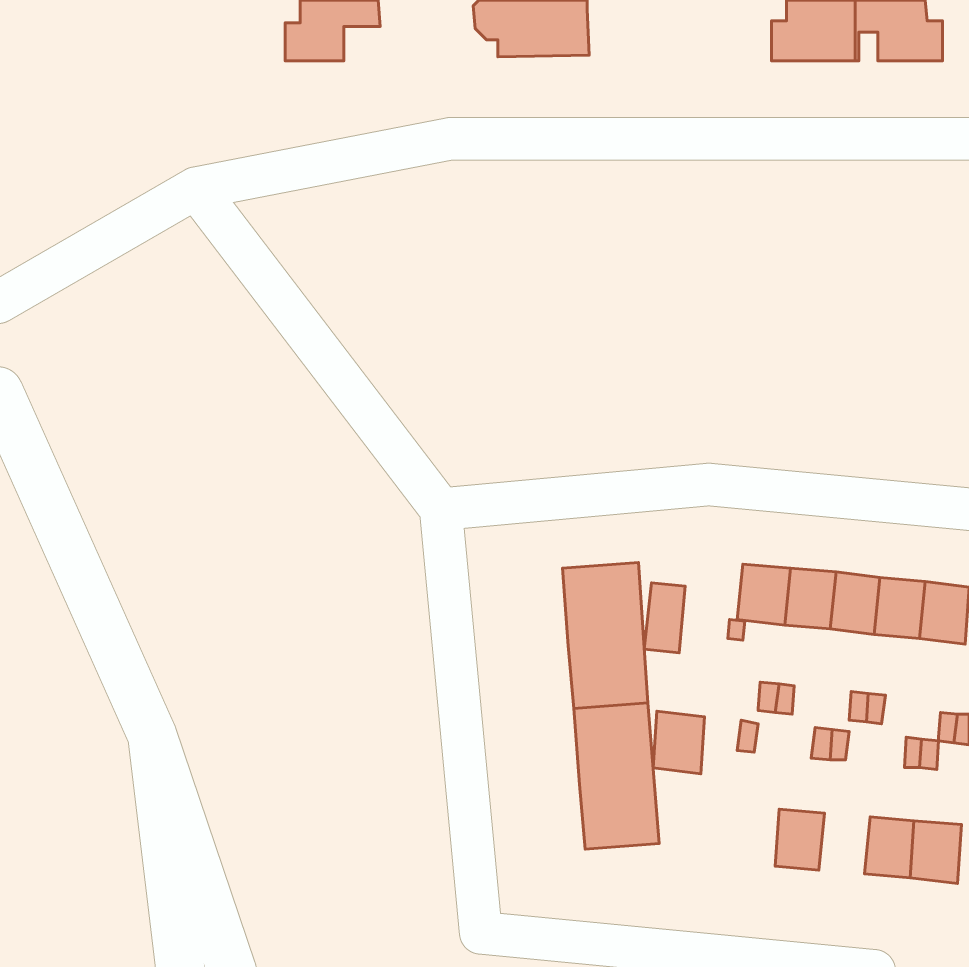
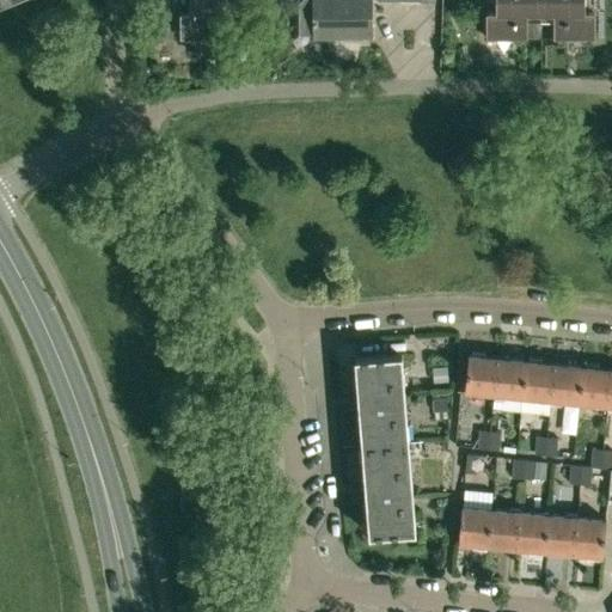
building: [644,583,685,653] -> none
building: [653,711,704,774] -> [458,508,490,547]
building: none -> [515,514,547,552]

